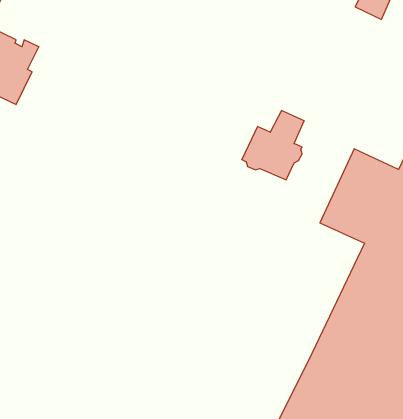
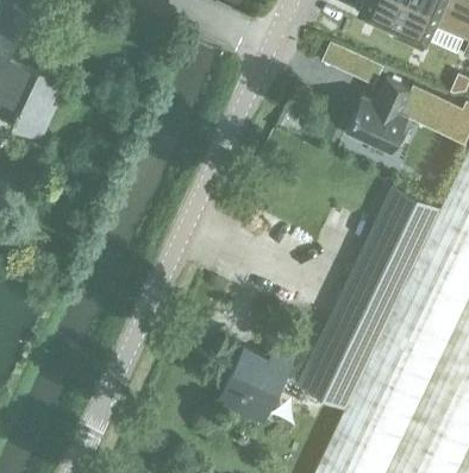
building: [242,111,304,180] -> [345,81,411,153]
building: none -> [219,265,404,423]

